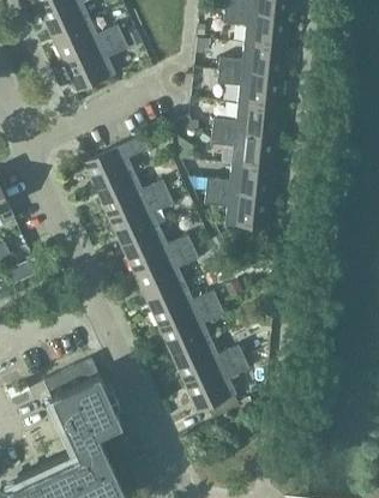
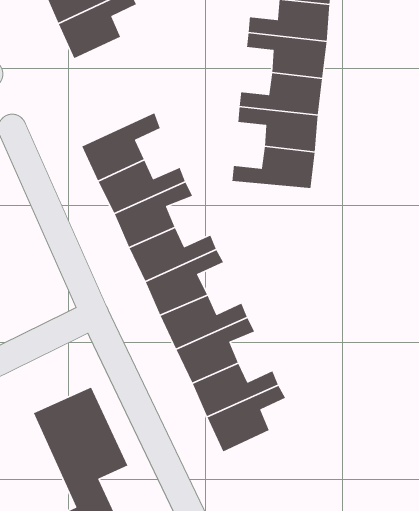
building: [204,192,270,229] -> none

